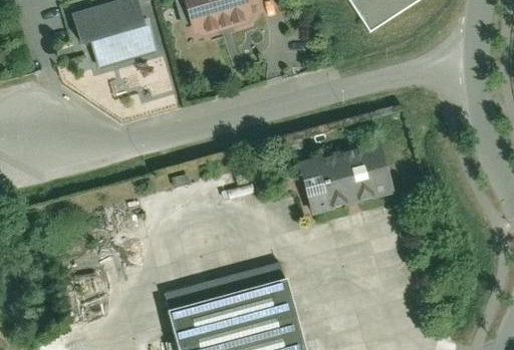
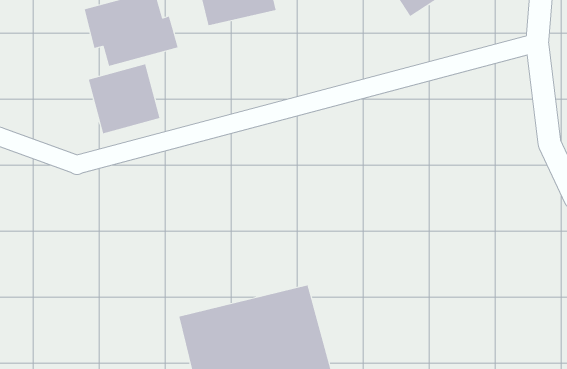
building: none -> [88,63,160,134]
building: [303,141,395,211] -> none

